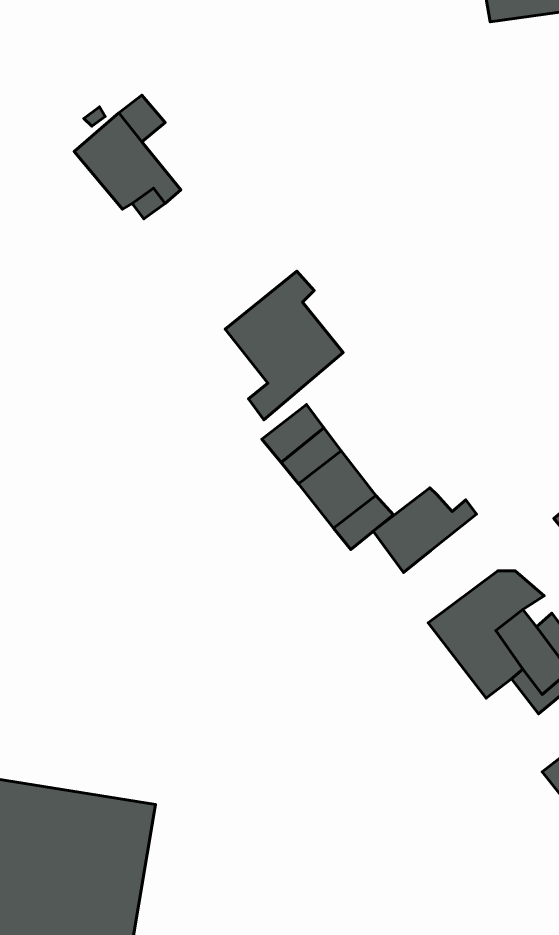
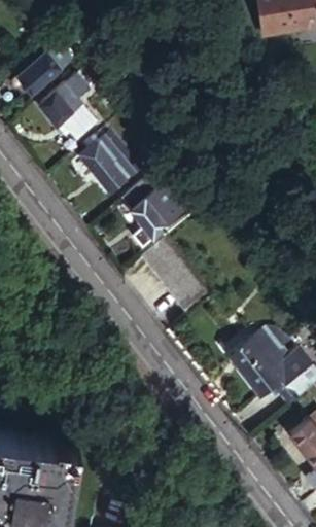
building: none -> [17,41,72,91]
building: none -> [83,126,141,192]
building: [373,488,476,572] -> none

